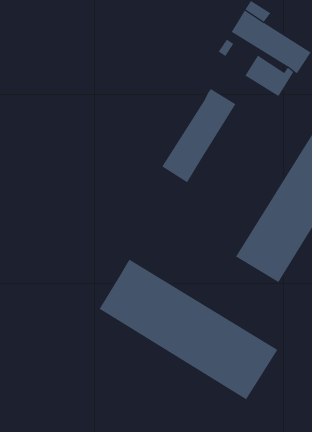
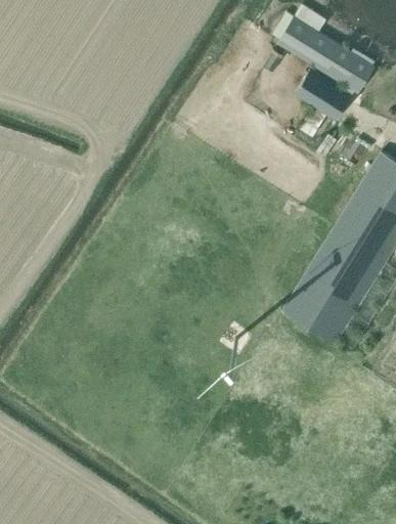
building: [162,88,236,183] -> none
building: [99,259,278,400] -> none

